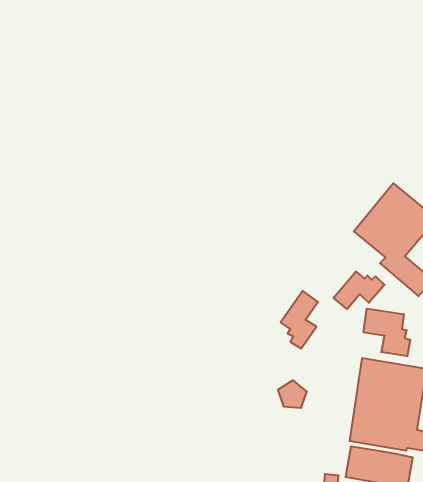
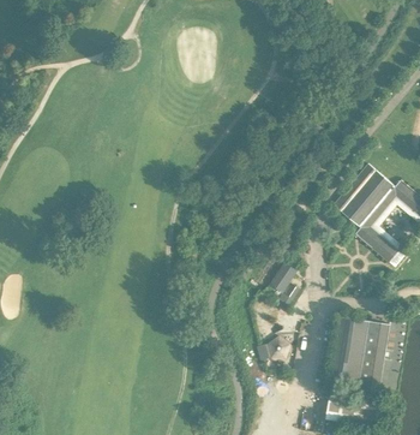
building: [333,271,385,309] -> none
building: [364,309,410,356] -> none

